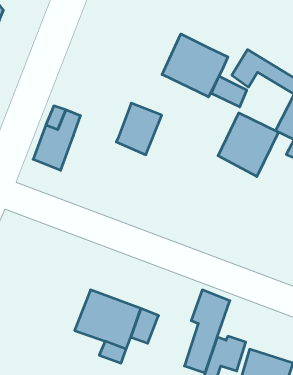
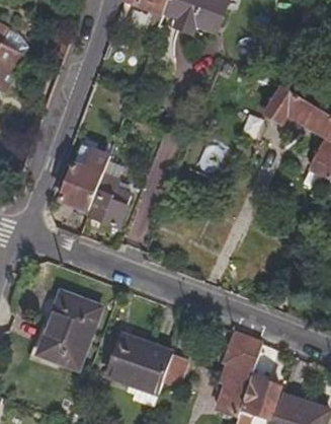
building: [162,34,228,97] -> none
building: [116,103,162,155] -> [87,173,134,226]
building: [218,113,279,177] -> none
building: none -> [35,289,99,367]

